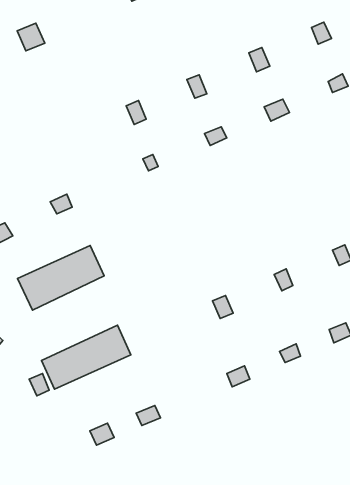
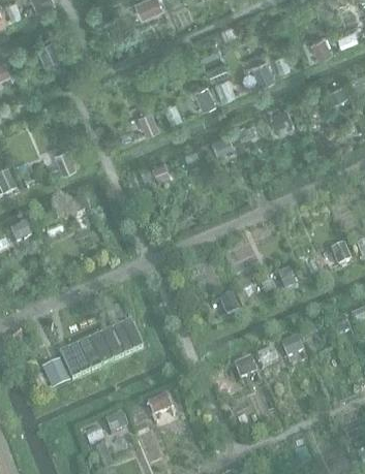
building: [18,245,104,310] -> none

